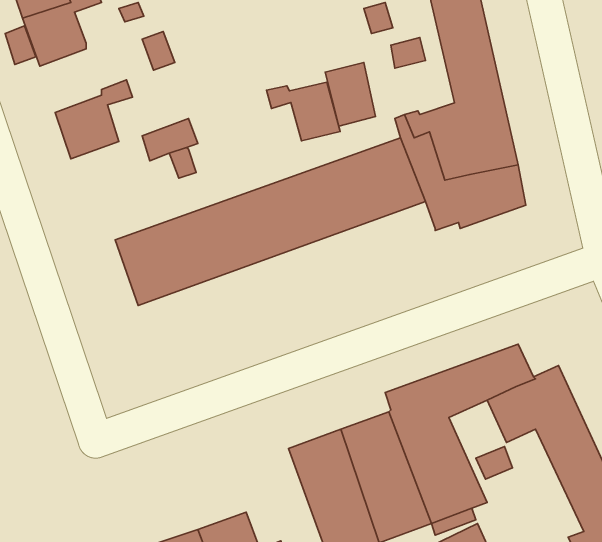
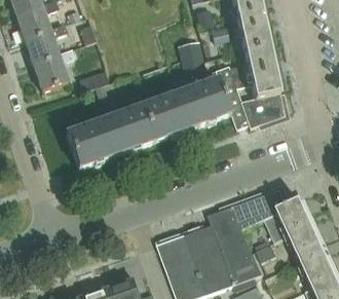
building: none -> [24,24,65,66]
building: [266,82,340,141] -> none

